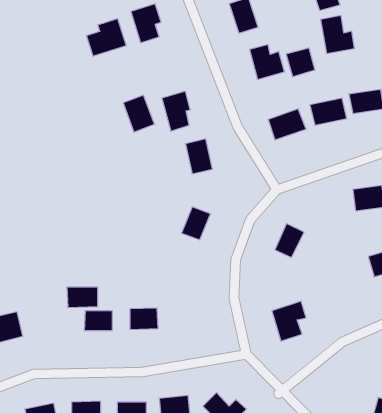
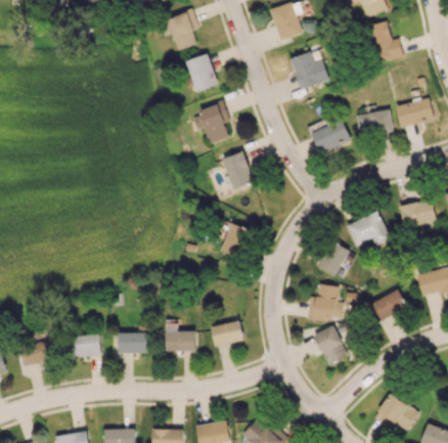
building: [87,19,126,56] -> none
building: [286,48,315,77] -> none
building: [123,95,154,132] -> [185,53,218,92]
building: none -> [346,211,391,248]
building: none -> [308,284,337,320]
building: none -> [372,289,407,320]
building: [67,287,98,308] -> [68,336,100,357]
building: none -> [211,322,242,345]
building: none -> [374,394,417,435]

